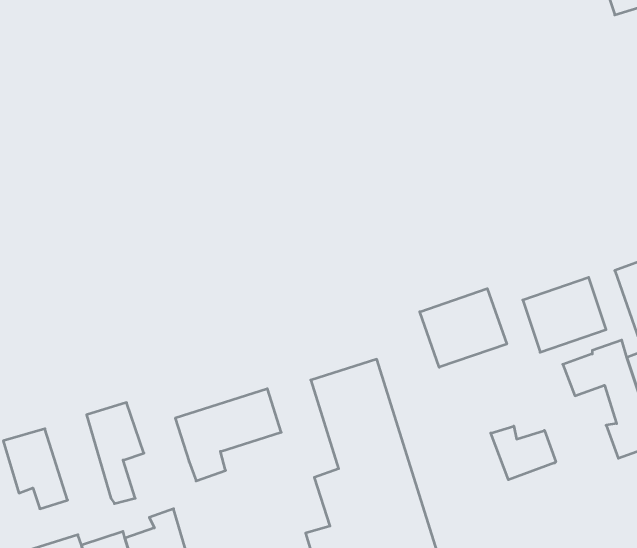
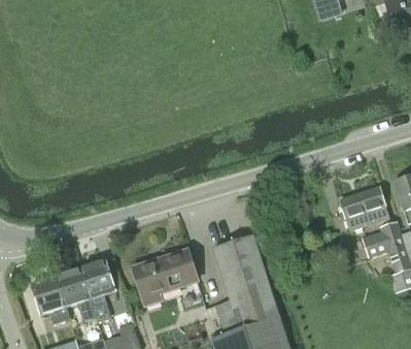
building: [420,289,507,367] -> none
building: none -> [56,266,95,319]
building: [491,426,556,480] -> none

